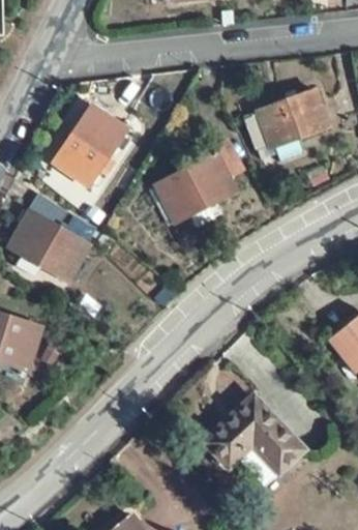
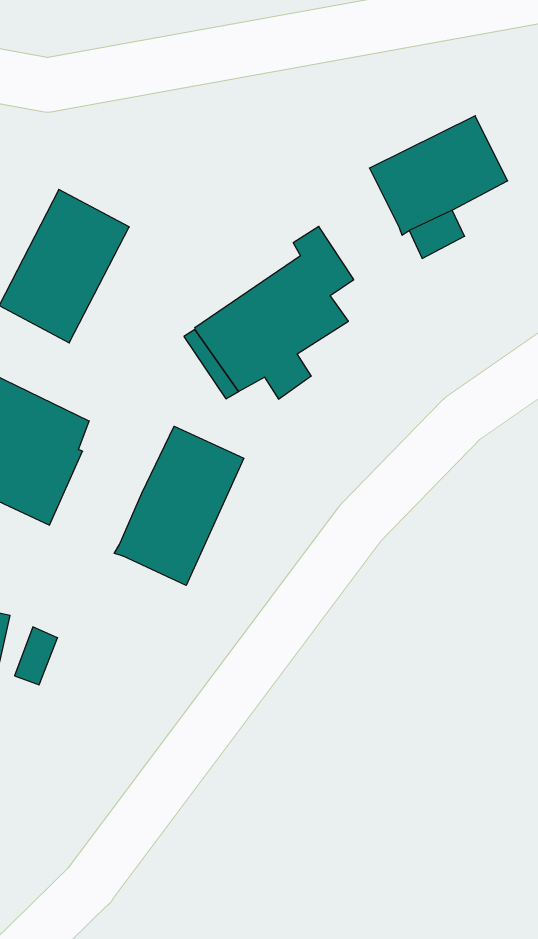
building: none -> [114,426,244,585]
building: [207,396,302,484] -> none

